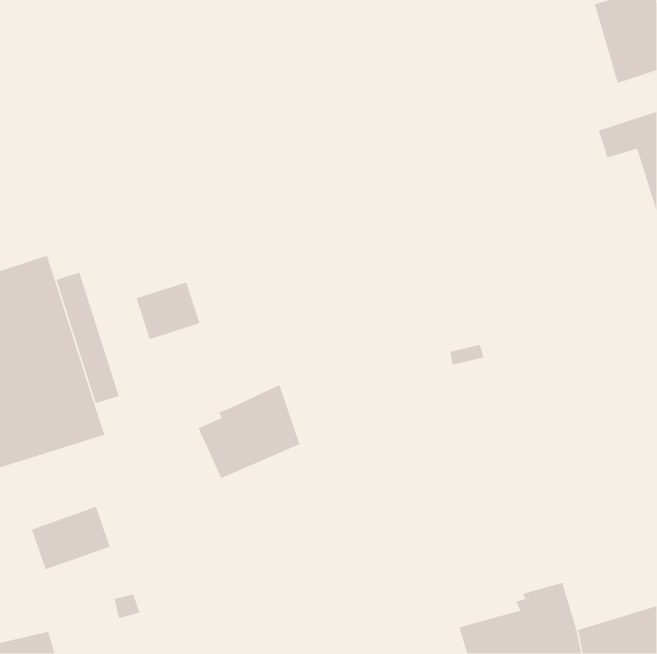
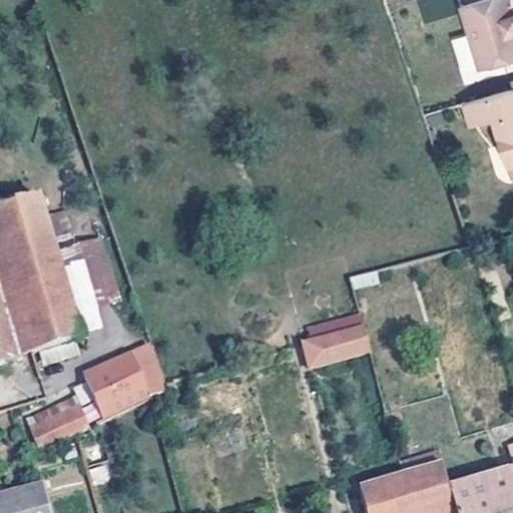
building: [135,281,201,340] -> none
building: [197,384,301,479] -> [85,350,165,424]
building: none -> [302,316,370,368]

